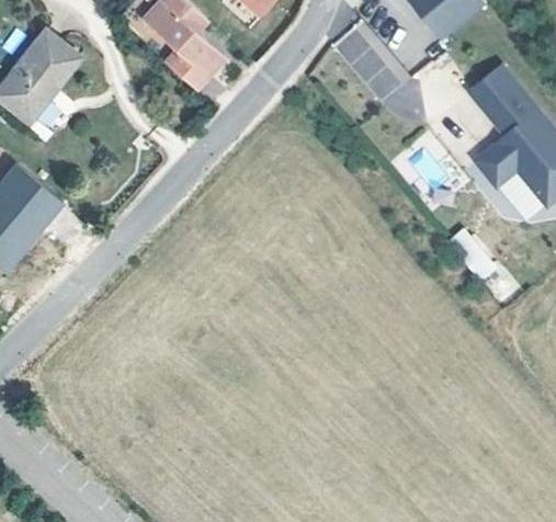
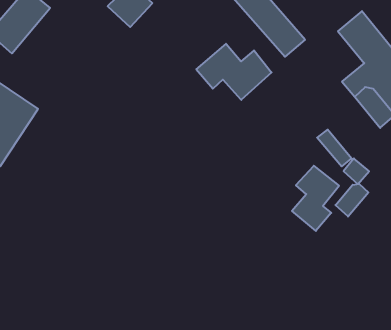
building: none -> [196,44,272,100]
building: none -> [292,166,339,231]
building: none -> [335,184,368,217]

